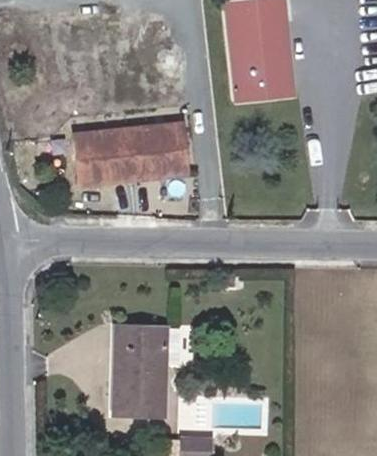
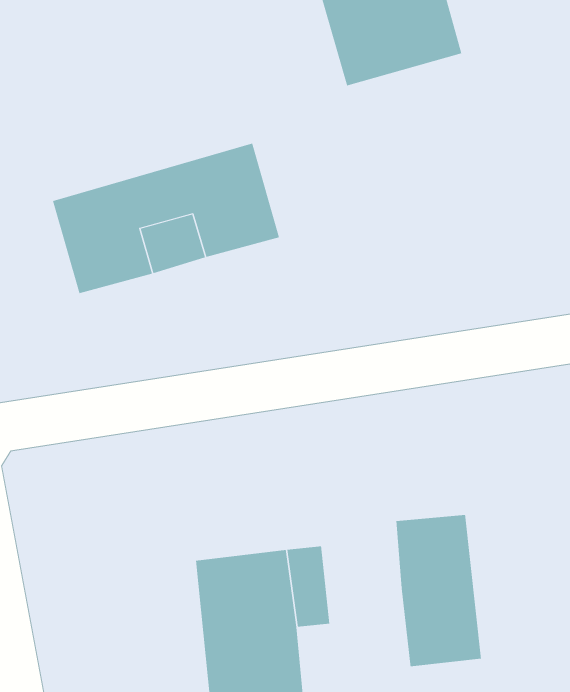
building: none -> [396,514,482,667]

